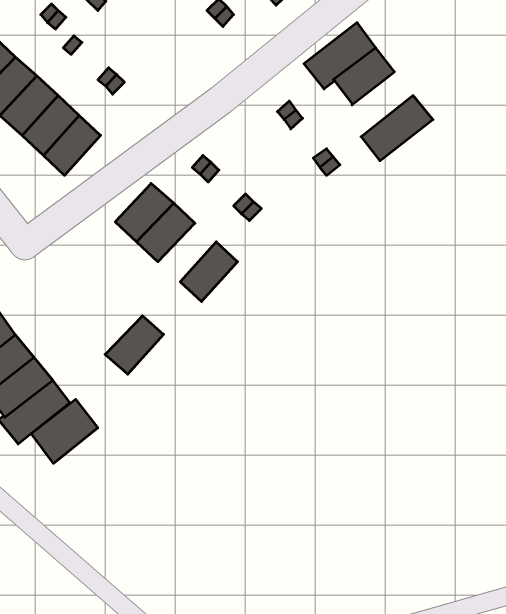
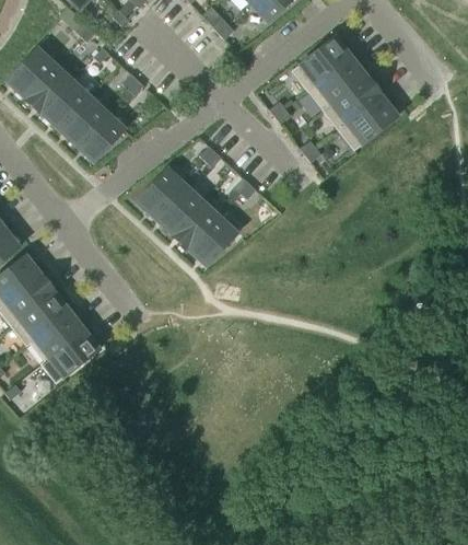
building: none -> [323,76,382,129]
building: [105,316,164,374] -> [172,200,220,248]
building: [31,399,98,463] -> none

